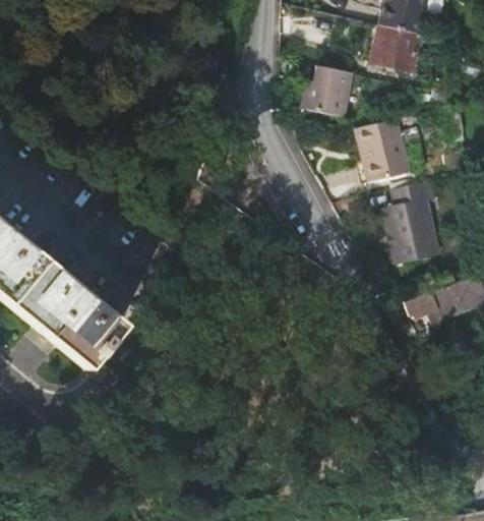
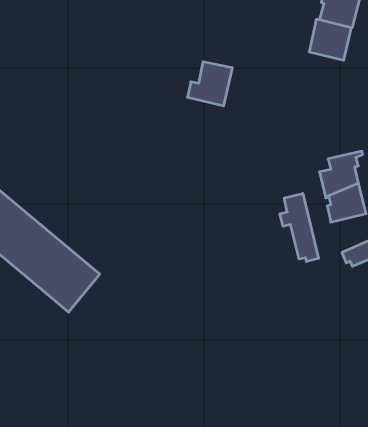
building: [300,65,353,117] -> [187,62,232,106]
building: [359,117,416,181] -> none
building: none -> [280,193,319,262]

